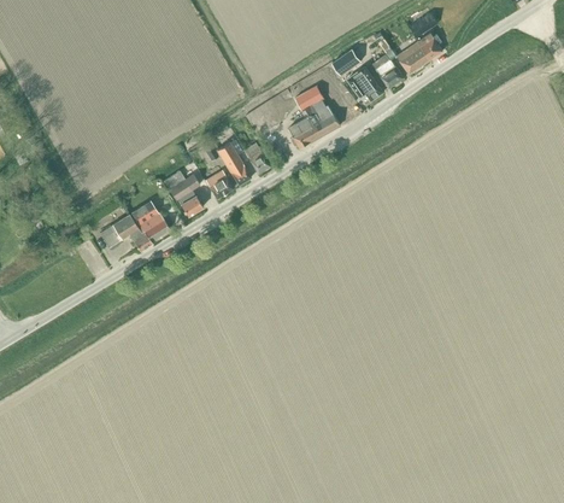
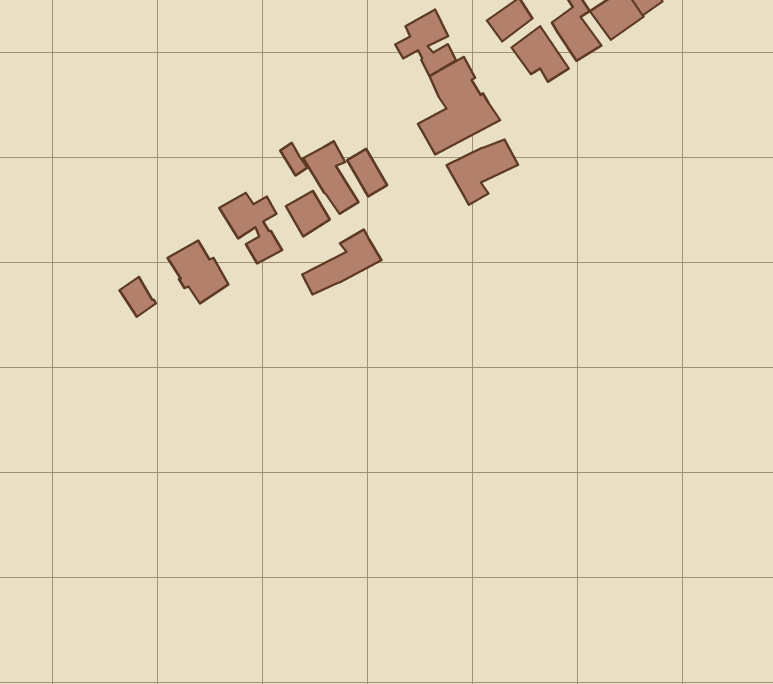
building: none -> [395,10,456,76]
building: none -> [447,139,518,205]
building: none -> [302,229,381,294]
building: [111,214,151,251] -> none

